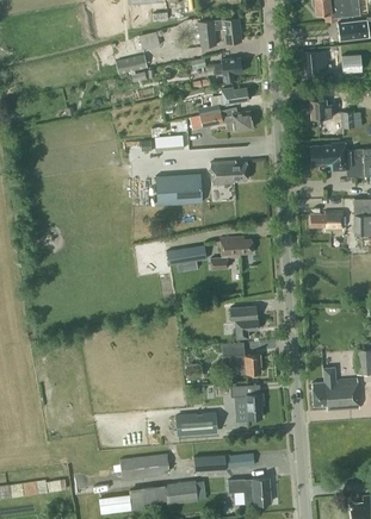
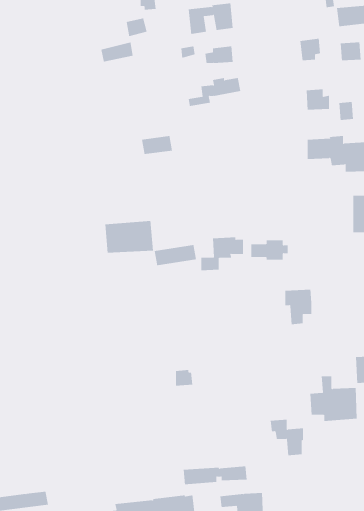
building: [199,108,252,131] -> none
building: [210,161,247,185] -> none
building: [159,170,205,201] -> [104,220,154,253]
building: [310,211,346,230] -> [251,240,289,260]
building: [230,306,256,339] -> [284,289,312,325]
building: [222,352,260,374] -> none
building: [230,384,262,419] -> [270,419,304,456]
building: [177,412,216,434] -> none
building: [119,452,169,479] -> none

